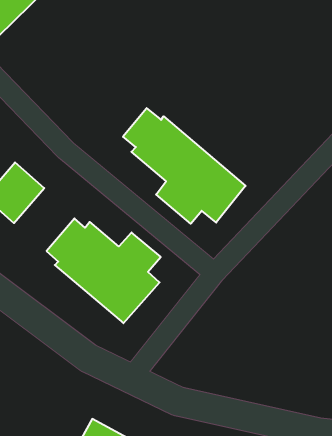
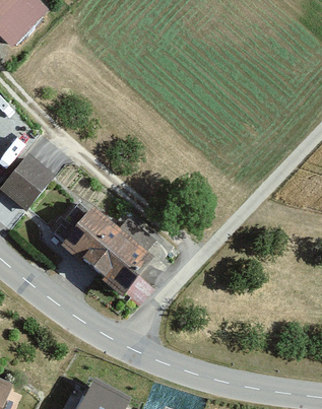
building: [123,108,246,224] -> none

